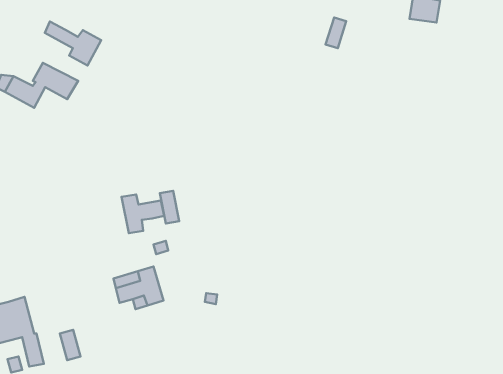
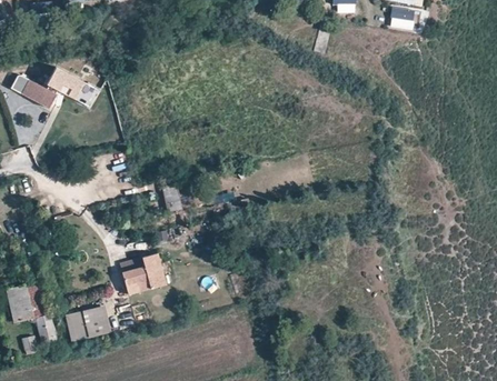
building: [45,22,101,66] -> none
building: [121,194,164,233] -> none
building: none -> [82,307,106,338]

